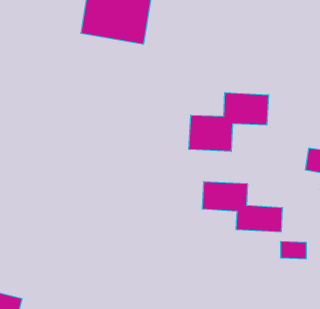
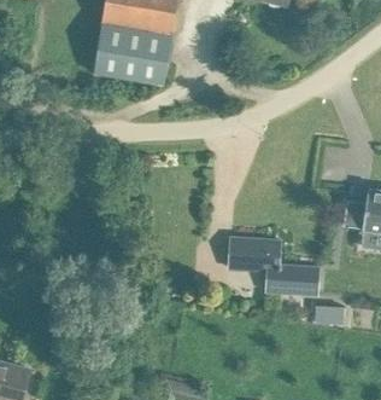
building: [189,93,268,152] -> none

